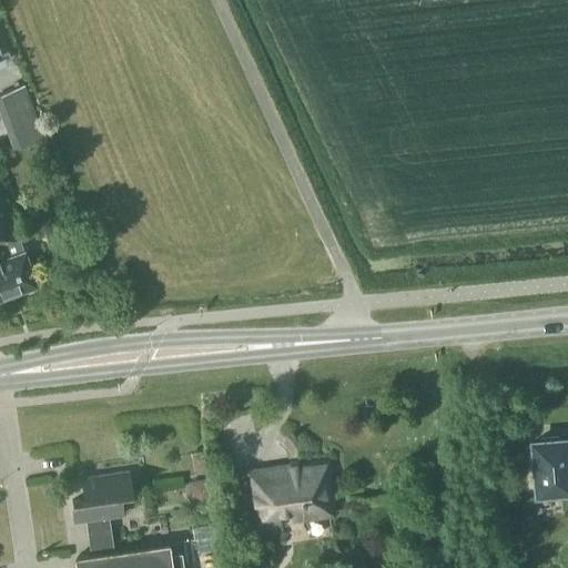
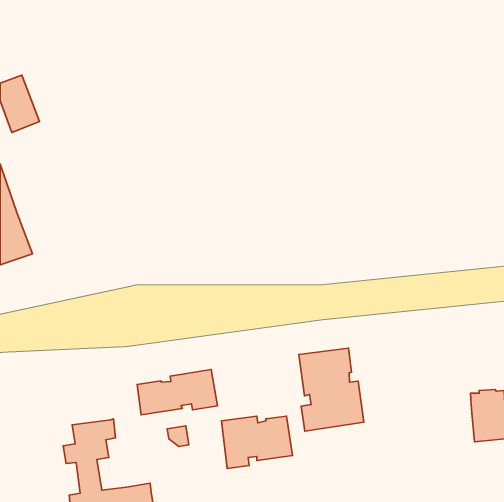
building: none -> [299,348,364,431]
building: none -> [137,370,217,415]

